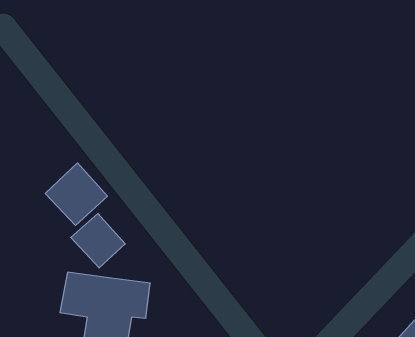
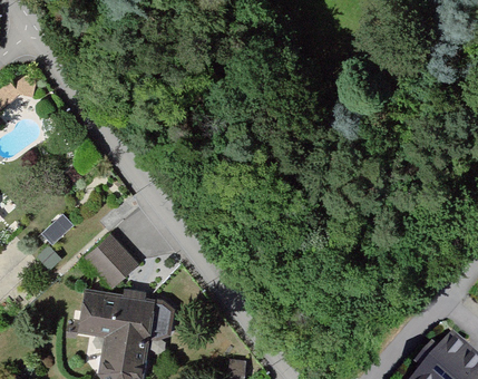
building: [45,163,107,225] -> none

